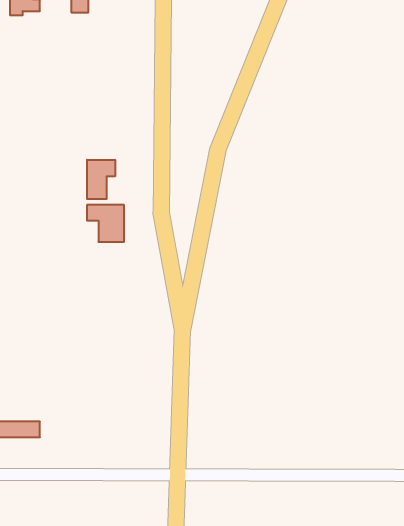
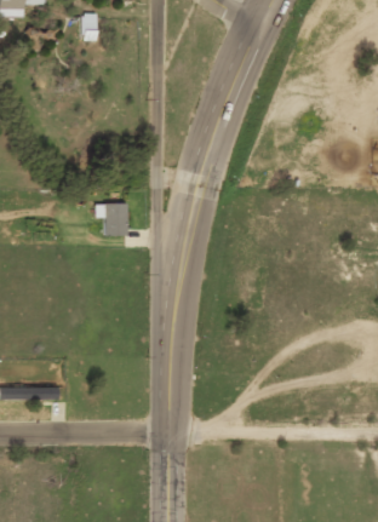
building: [87,160,115,199] -> none

